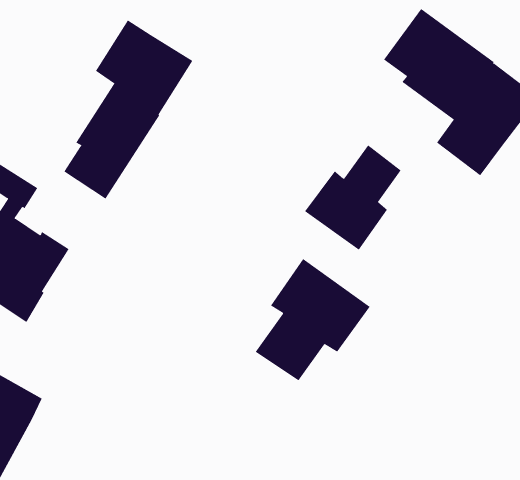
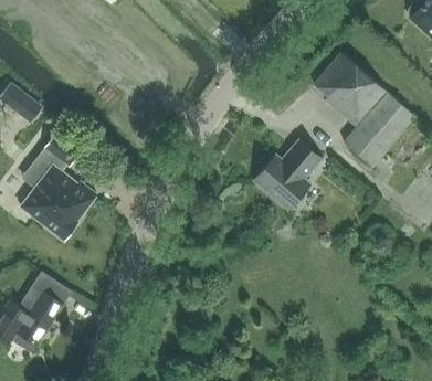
building: [63,19,193,199] -> none
building: [255,258,371,381] -> none

